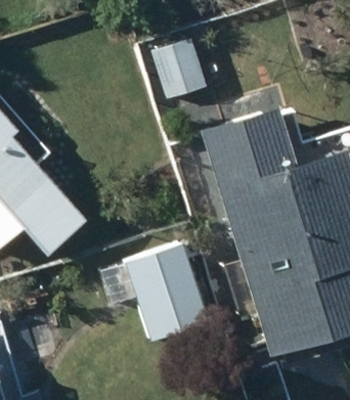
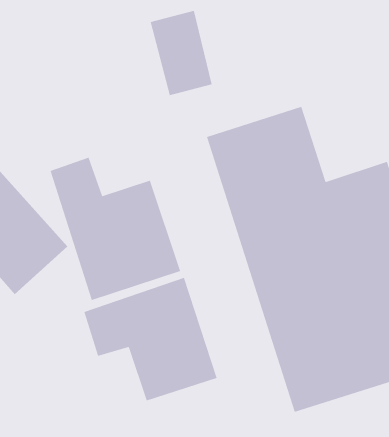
building: none -> [50,157,181,301]

